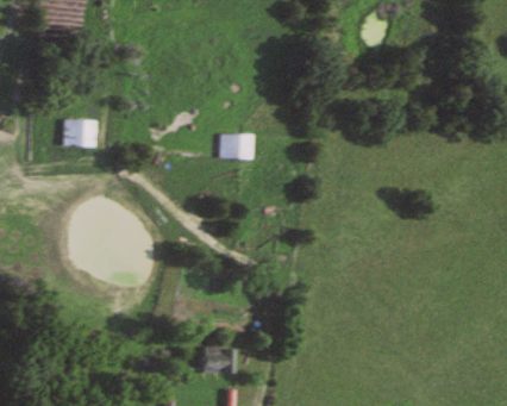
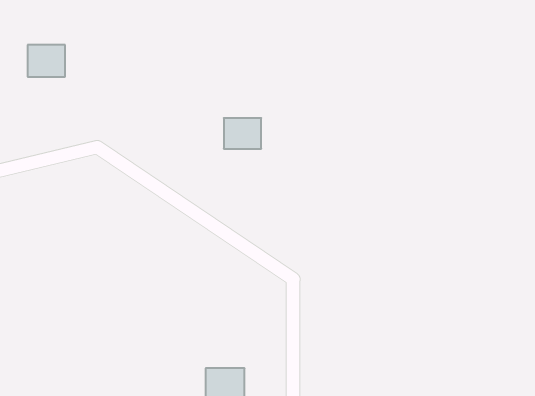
building: [62,119,94,146] -> [28,45,65,77]

